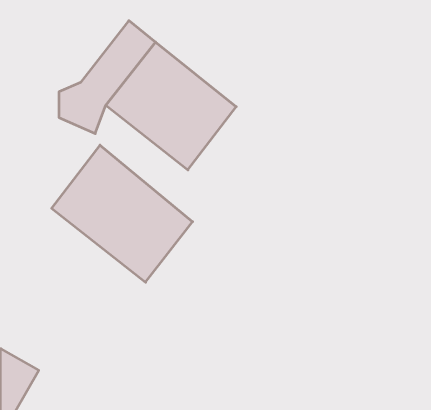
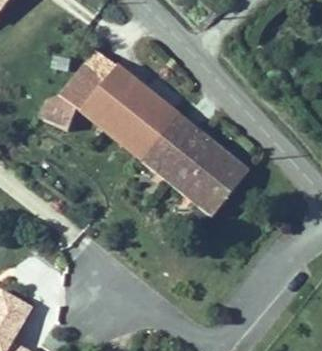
building: [52,145,193,282] -> [140,108,245,210]

